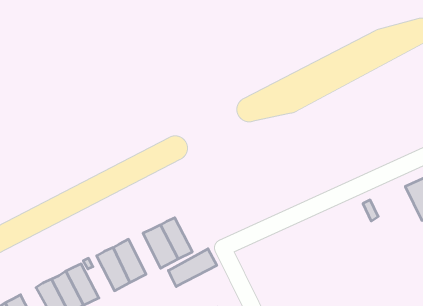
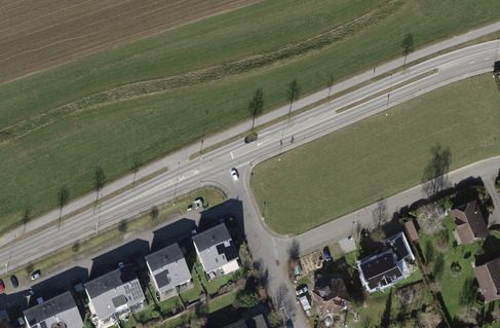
building: none -> [359,231,409,284]
building: [168,249,217,287] -> none
building: none -> [311,271,353,313]

